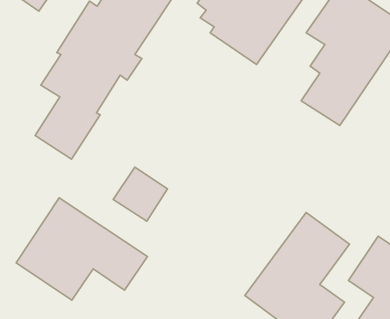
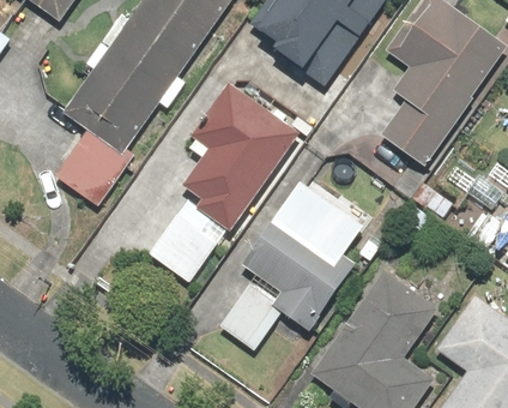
building: none -> [182,83,301,230]
building: none -> [217,185,361,350]
building: [16,198,147,300] -> none

